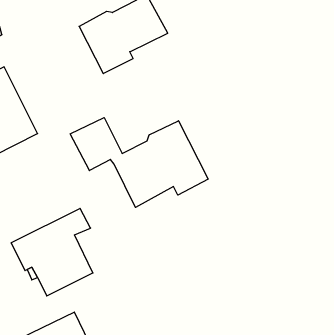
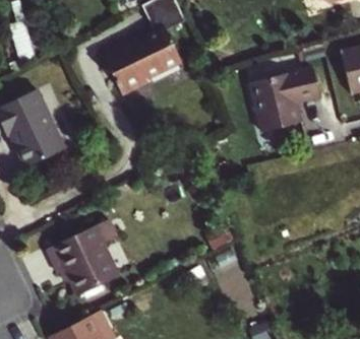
building: none -> [248,66,319,131]
building: [70,118,208,207] -> none

